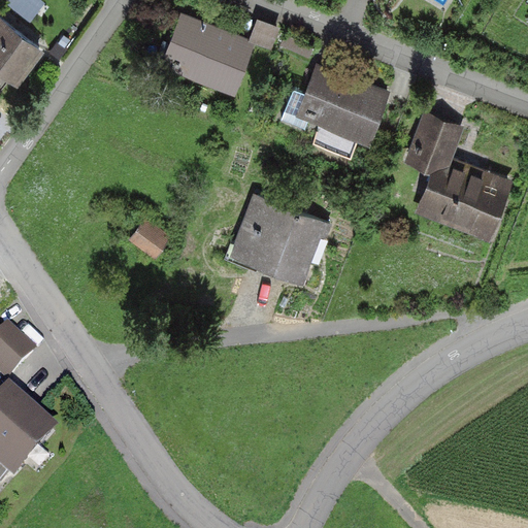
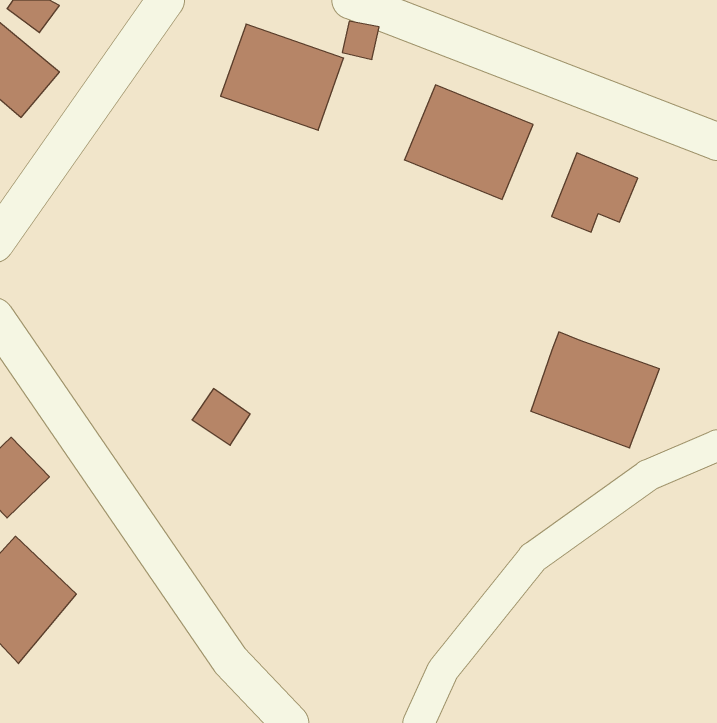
building: [416,156,509,240] -> [531,332,659,448]
building: [234,197,328,280] -> none
building: [128,219,170,260] -> [192,389,250,445]

